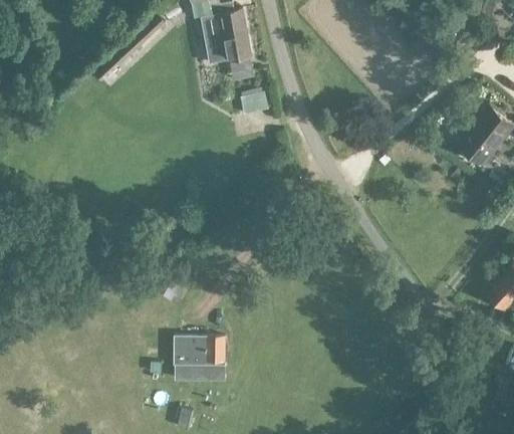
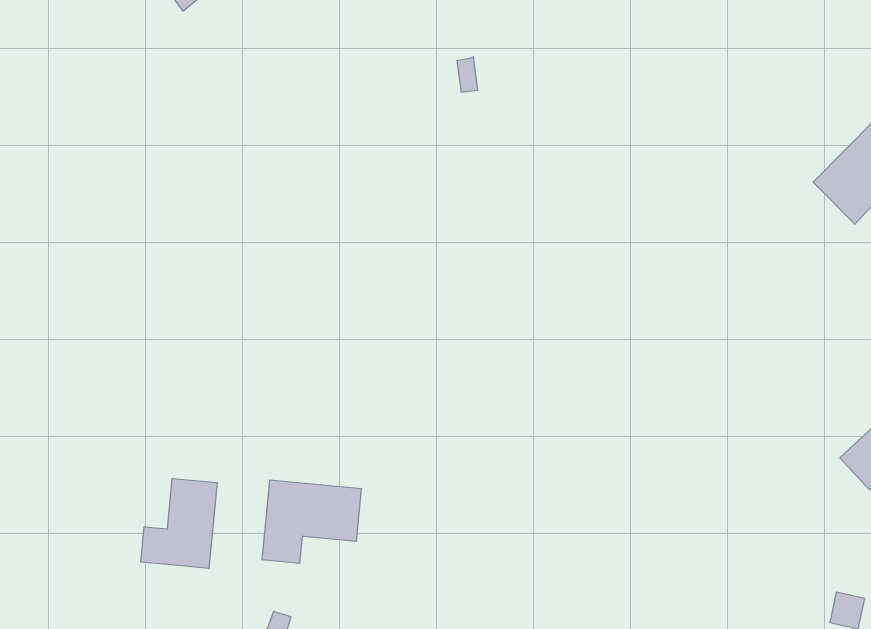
building: none -> [141,478,217,569]

